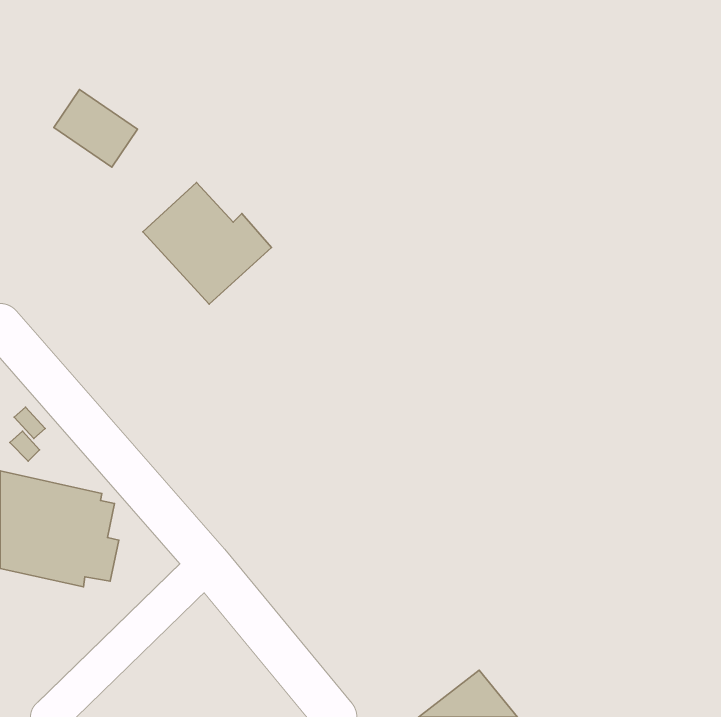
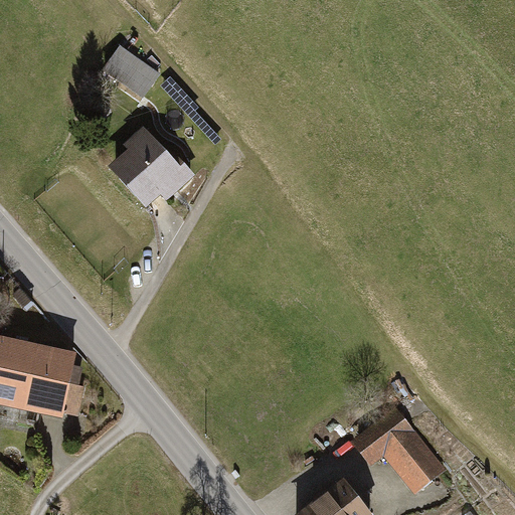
building: [54,89,137,167] -> [100,44,159,100]
building: none -> [351,406,445,493]

